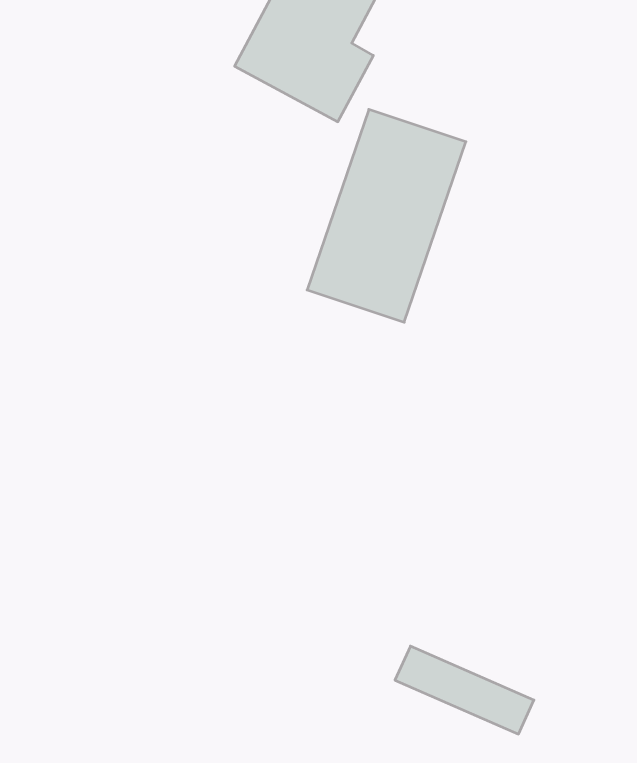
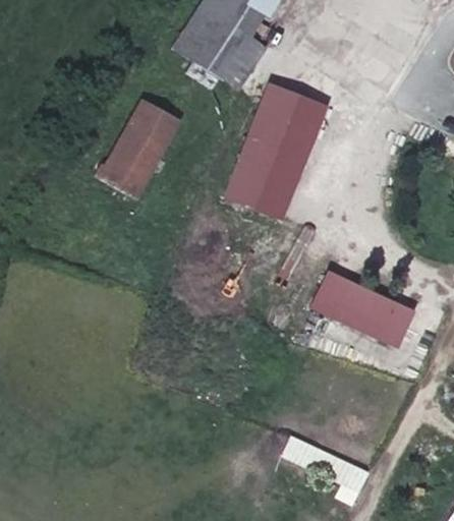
building: none -> [96,96,184,202]
building: none -> [309,269,417,348]

